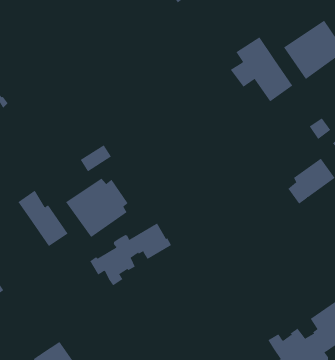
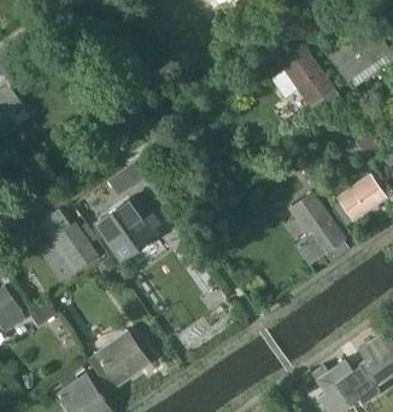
building: none -> [291,193,350,267]
building: [90,222,172,286] -> none
building: none -> [95,331,149,385]

